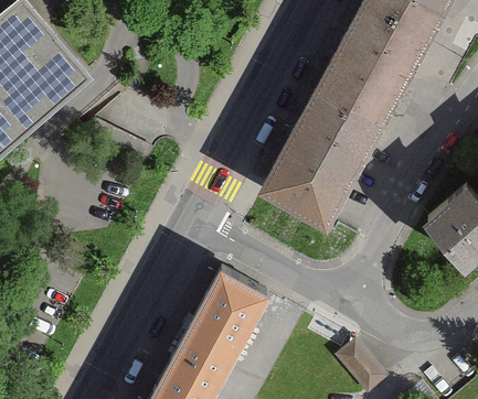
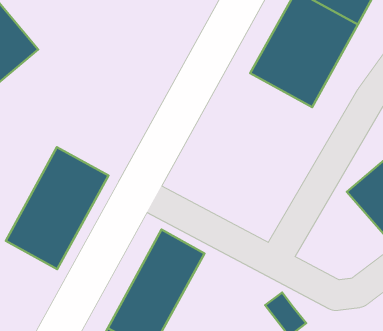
building: [265,97,384,227] -> none
building: none -> [6,147,108,269]

